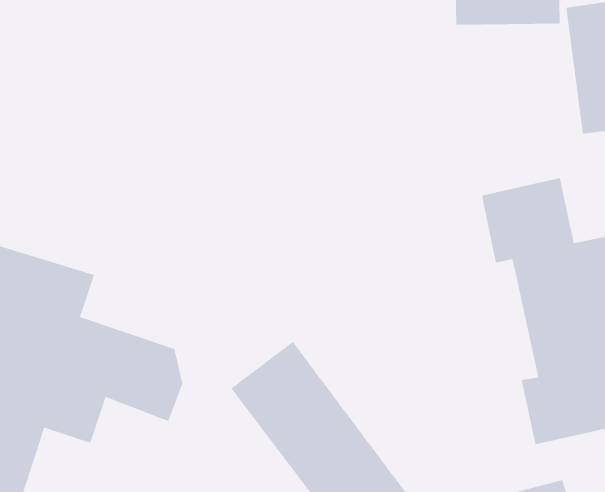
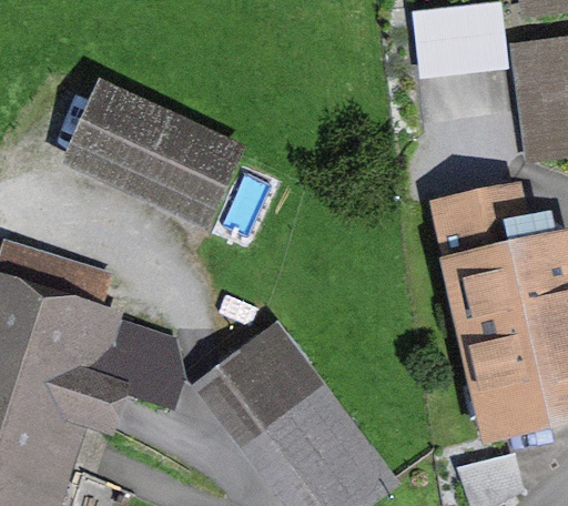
building: none -> [78,95,229,219]

